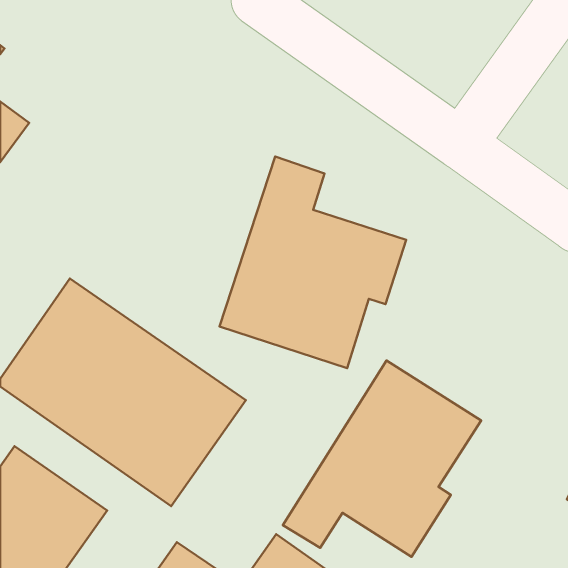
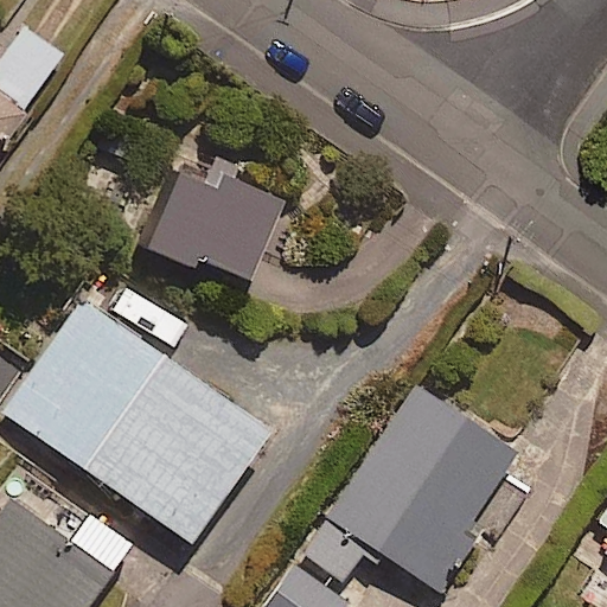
building: none -> [138,158,280,285]
building: [220,157,406,368] -> none

